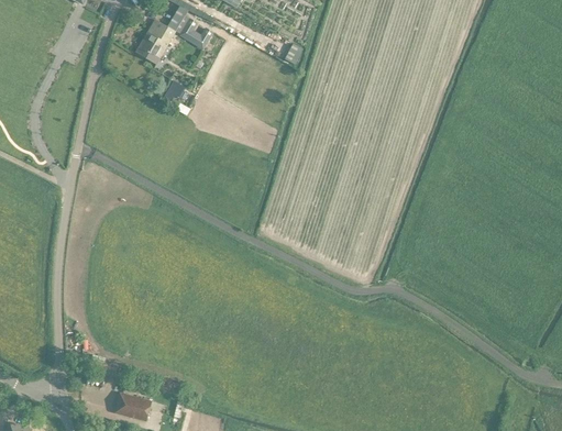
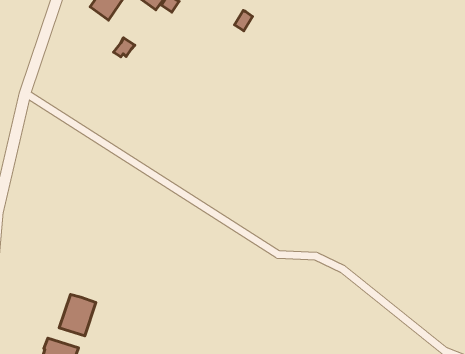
building: none -> [59,295,96,336]

